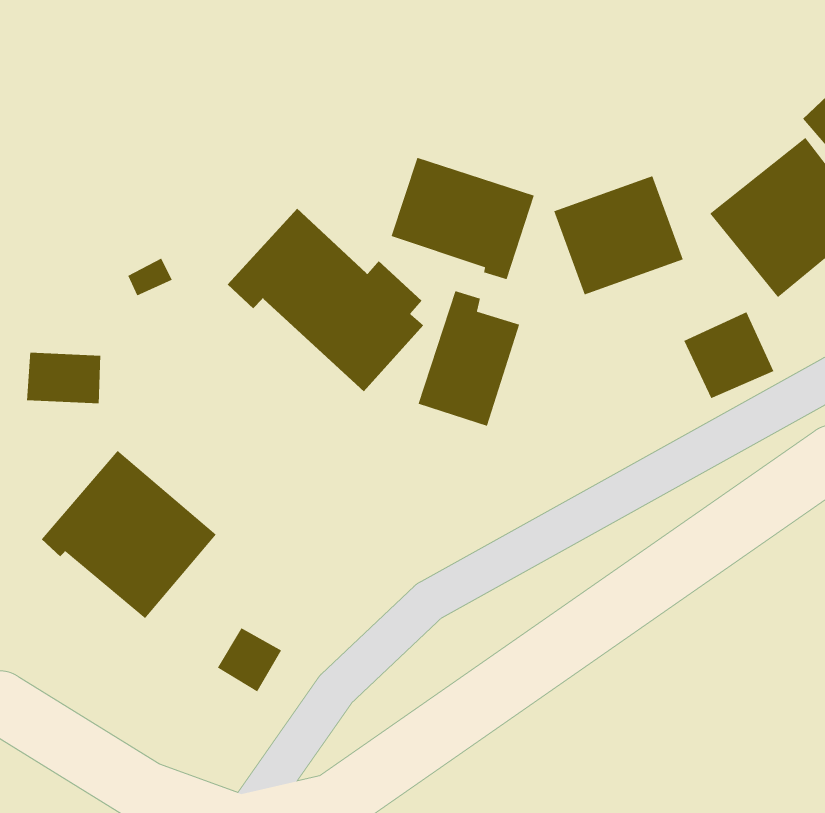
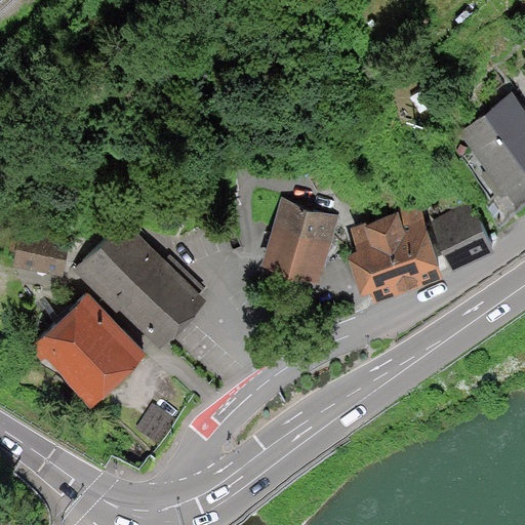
building: [390,157,535,280] -> none
building: [553,175,684,296] -> [359,218,441,294]
building: [227,208,424,392] -> [78,225,202,340]

